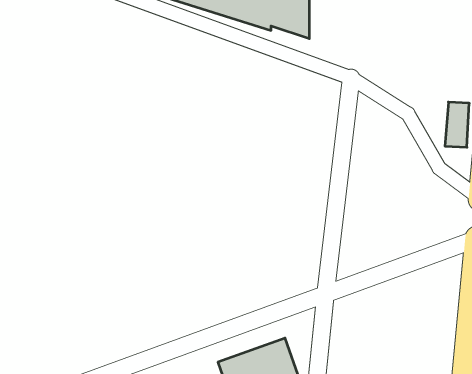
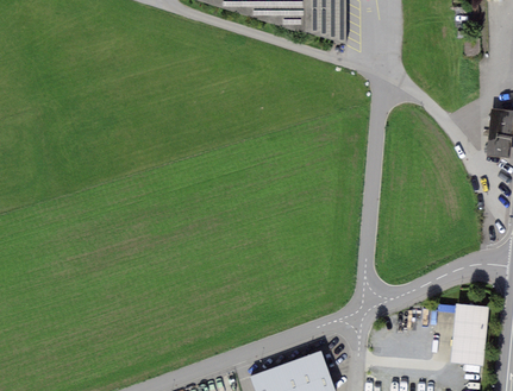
building: none -> [450,303,489,367]

